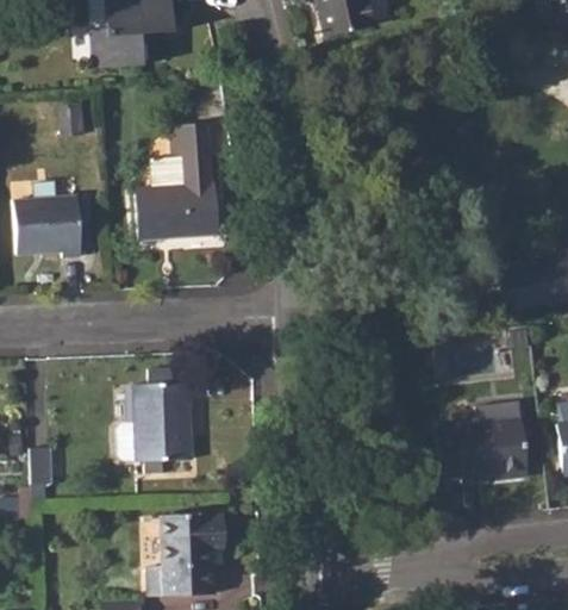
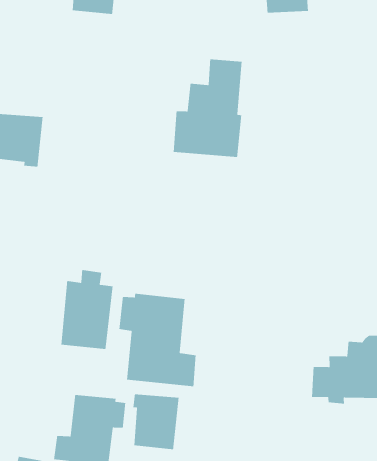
building: [138,122,219,241] -> [173,58,243,158]
building: none -> [119,293,196,387]
building: none -> [132,394,180,450]

